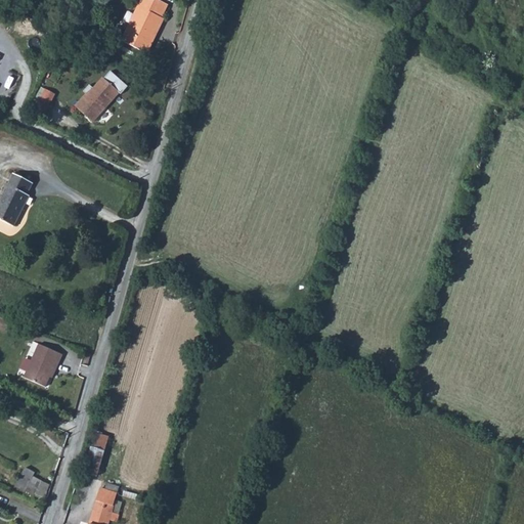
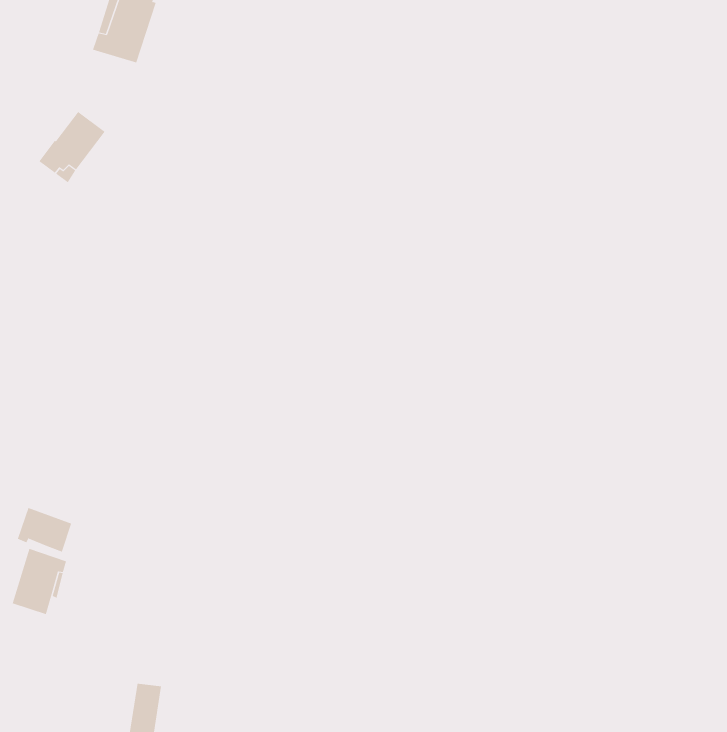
building: none -> [17,507,72,552]

